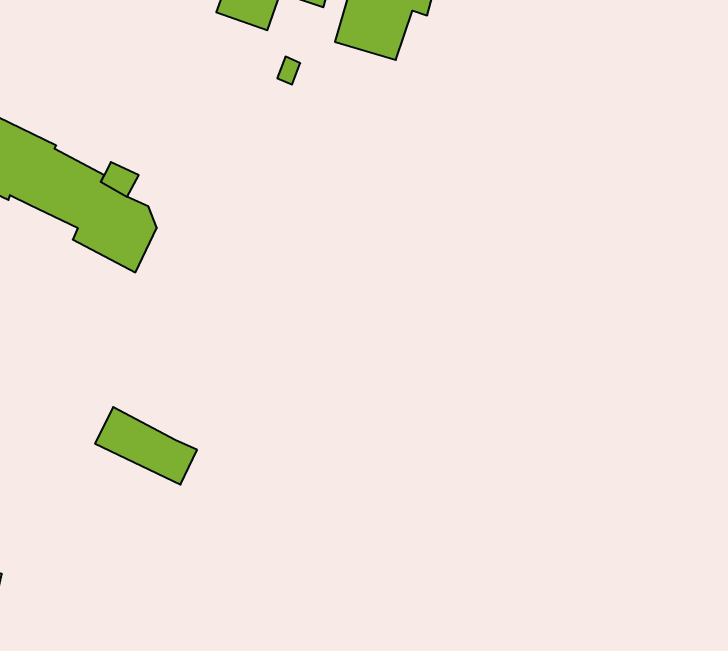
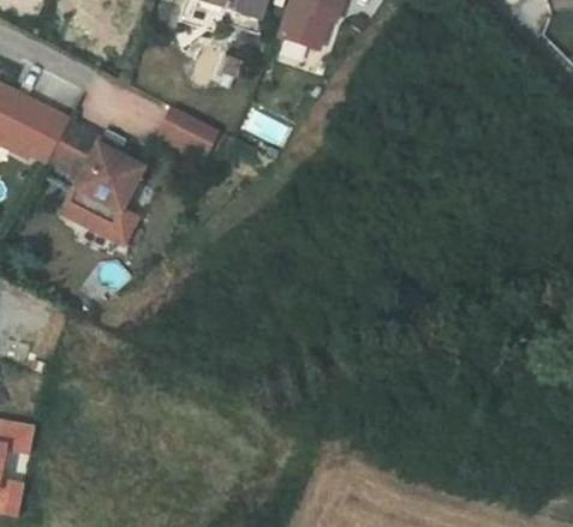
building: none -> [162,107,219,155]
building: [95,407,197,485] -> [66,186,141,242]

